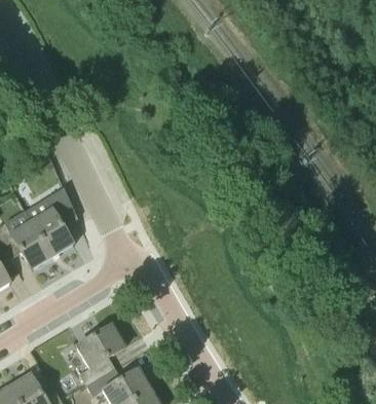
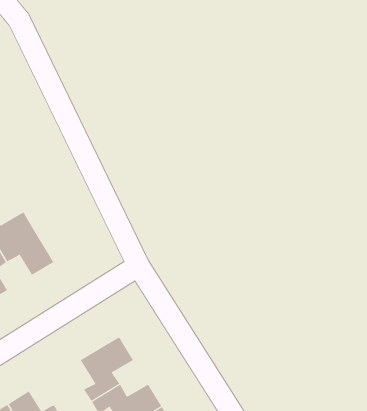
building: [31,188,77,257] -> none

